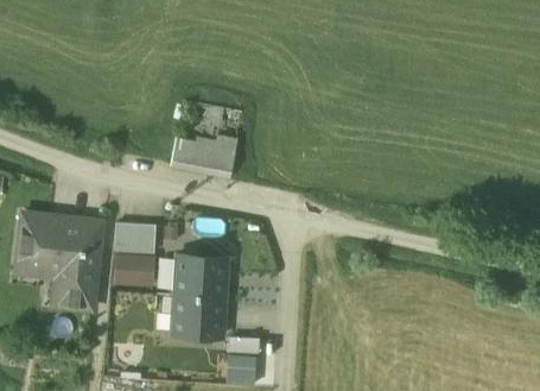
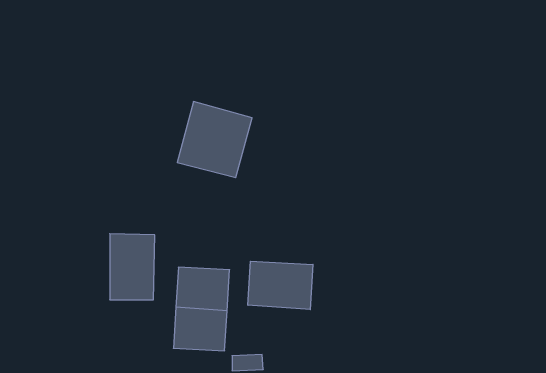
building: [18,213,106,311] -> none
building: none -> [248,261,313,310]

